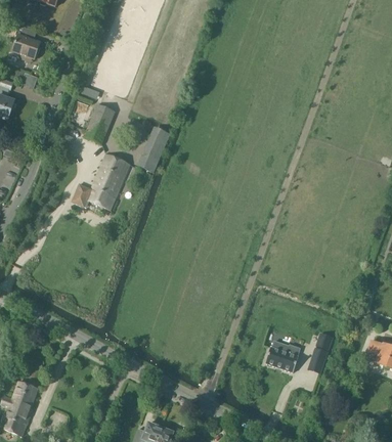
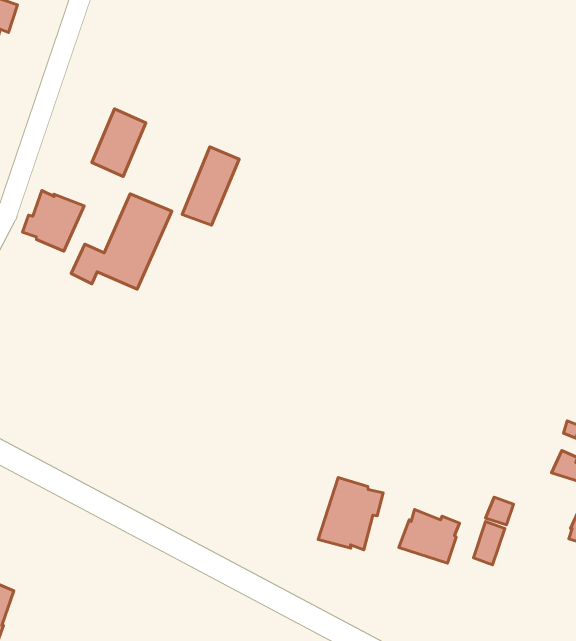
building: none -> [23,190,84,251]
building: none -> [318,477,383,550]

